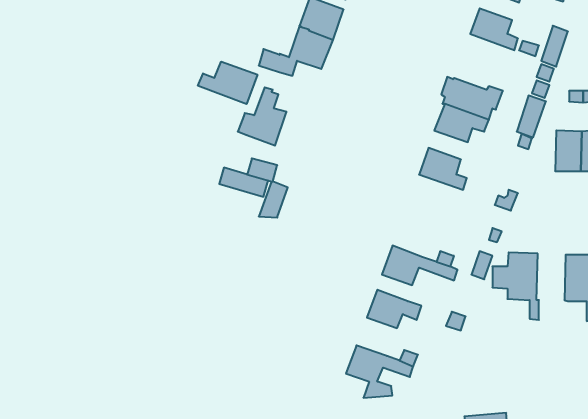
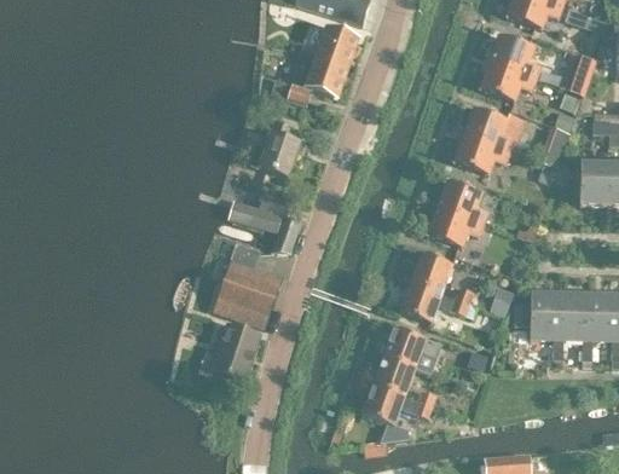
building: none -> [480,60,537,100]
building: [198,62,257,104] -> none
building: none -> [427,207,484,247]
building: none -> [213,243,283,328]
building: none -> [410,252,452,293]
building: none -> [560,289,592,358]
building: none -> [212,323,260,378]
building: none -> [372,356,415,395]

